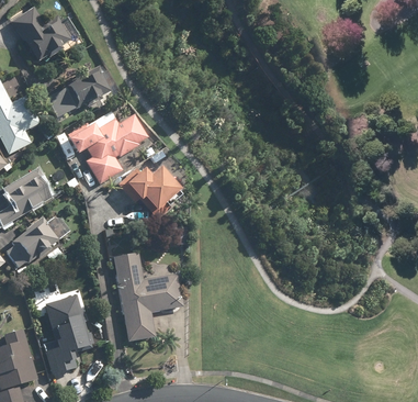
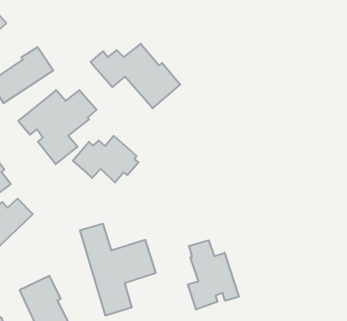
building: none -> [91,44,180,108]
building: none -> [188,240,239,310]

